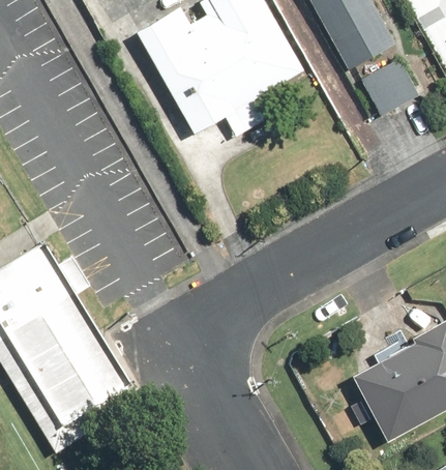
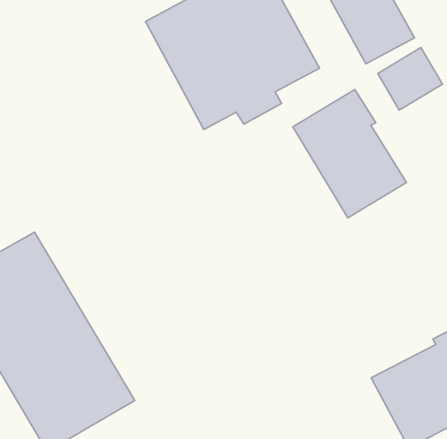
building: none -> [293,89,406,218]

